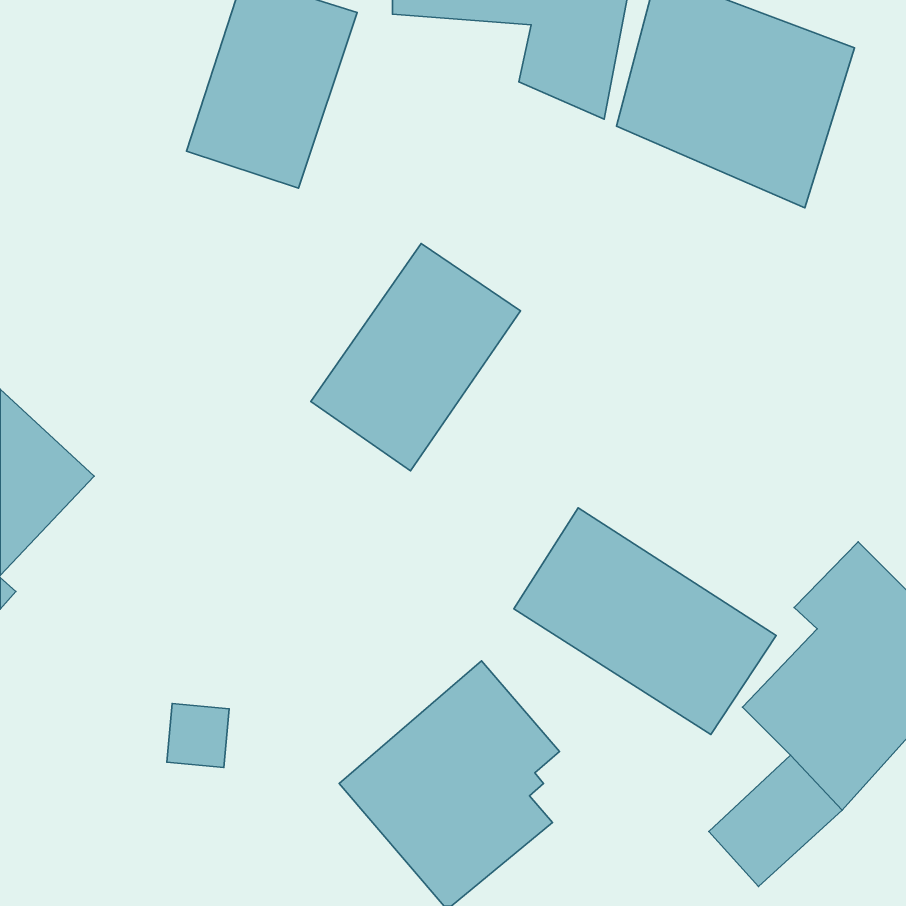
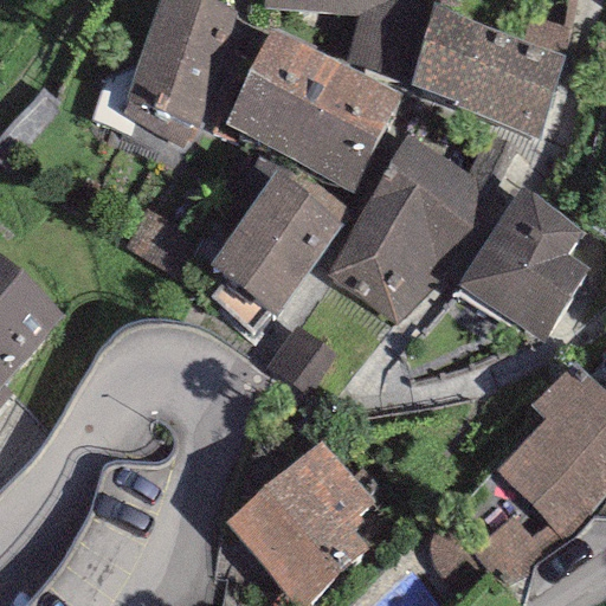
building: none -> [223,28,400,189]
building: none -> [328,136,475,324]
building: none -> [457,189,591,342]
building: [514,508,776,735] -> none

